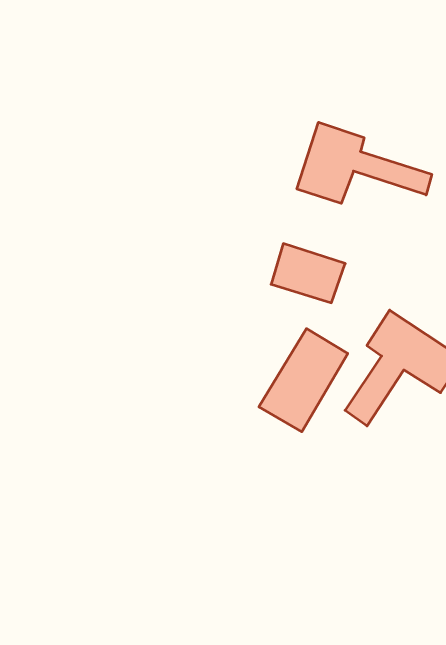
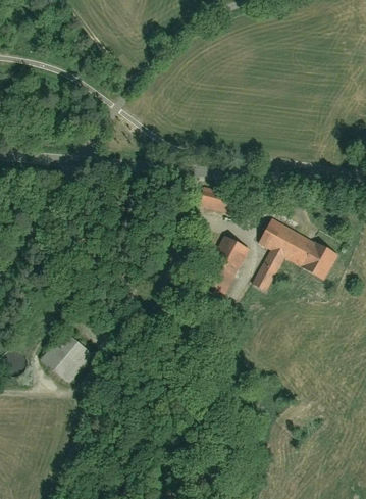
building: [297,122,432,203] -> none
building: none -> [42,330,97,384]

